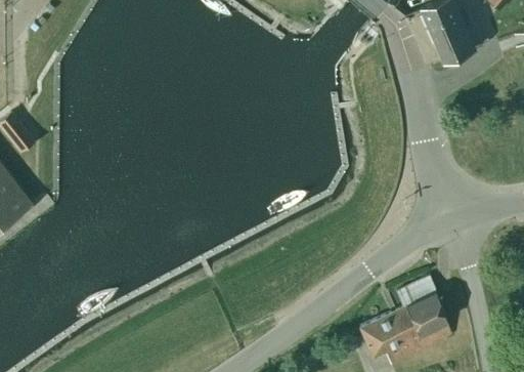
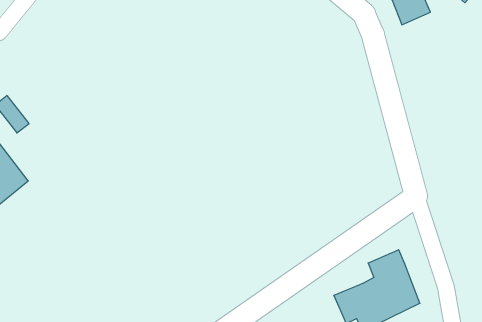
building: [432,24,474,63] -> none

